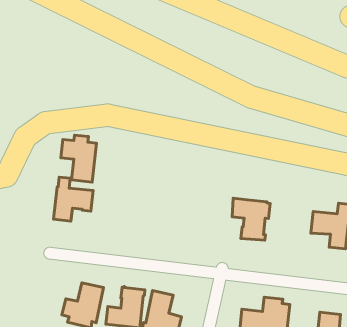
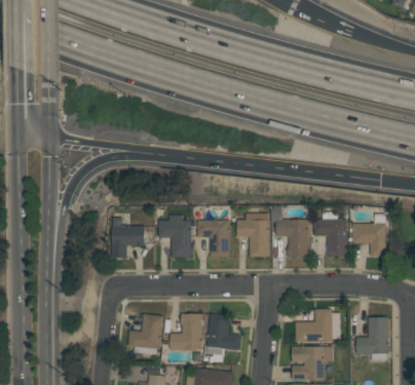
building: [61,135,97,182] -> [158,216,190,258]
building: none -> [236,214,269,257]
building: none -> [197,220,229,258]
building: none -> [313,211,346,256]

